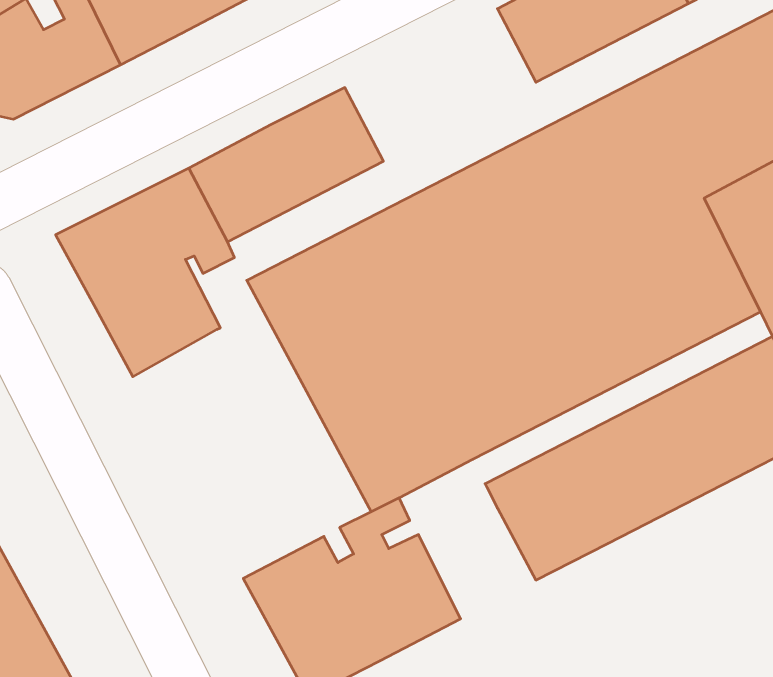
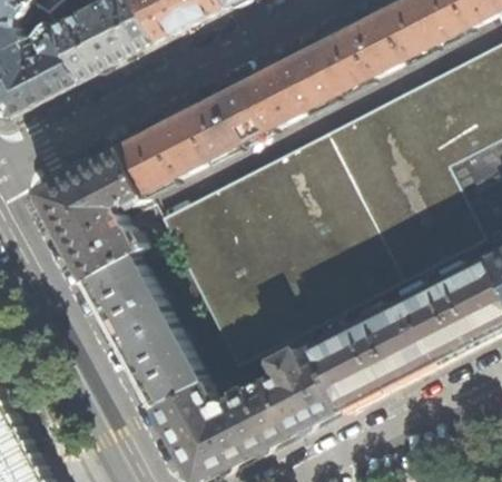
building: none -> [220,46,342,142]
building: none -> [86,249,207,407]
building: none -> [255,332,342,433]

